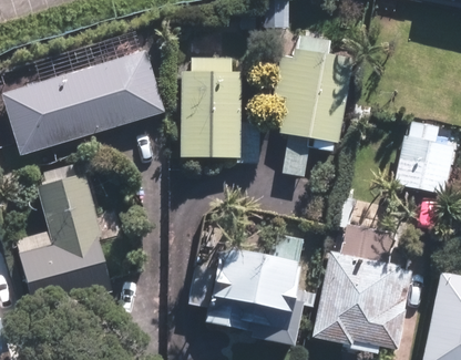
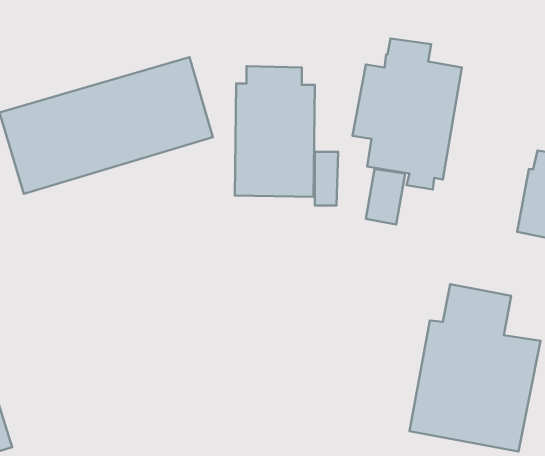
building: [17,165,112,308] -> none
building: [205,235,305,347] -> none

